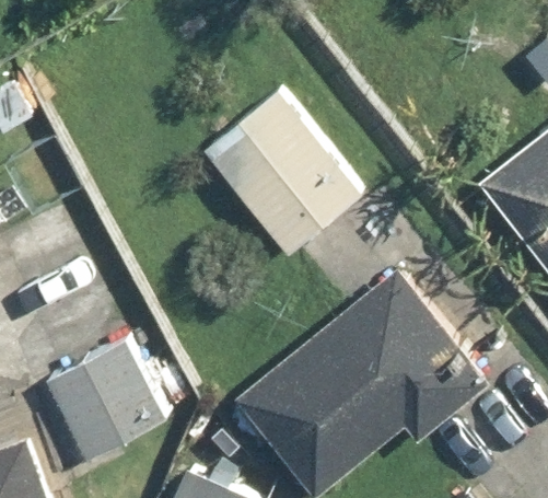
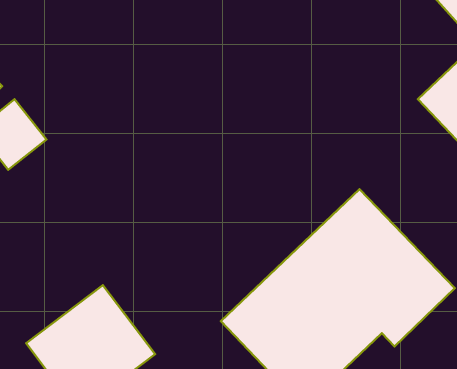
building: [207,92,364,256] -> none

